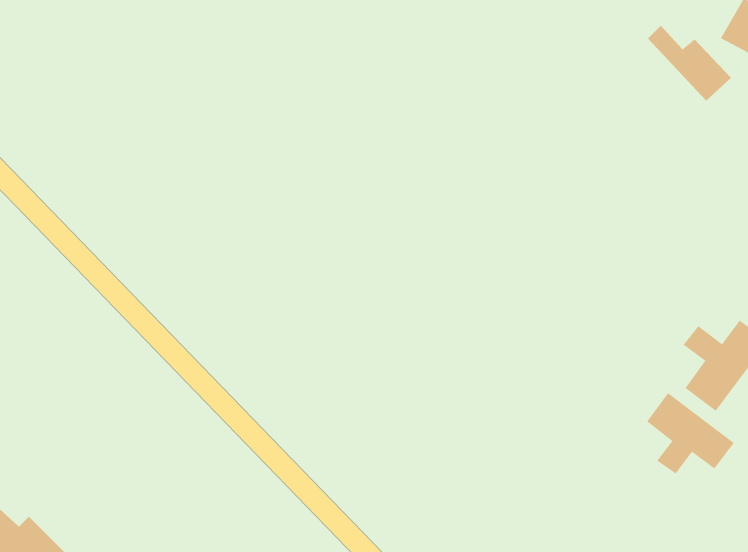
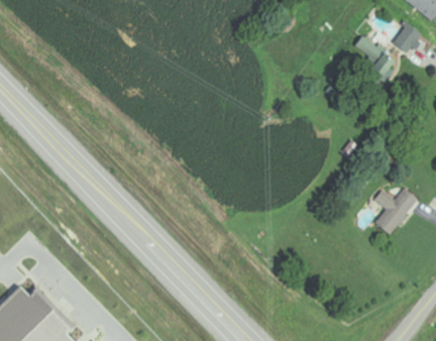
building: [646,392,735,475] -> none

